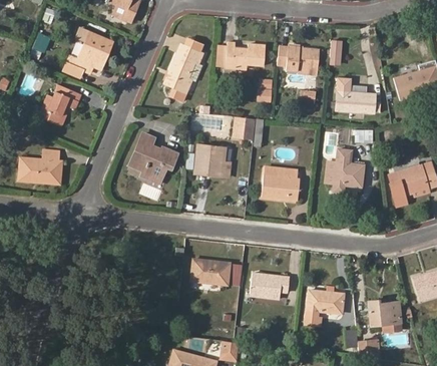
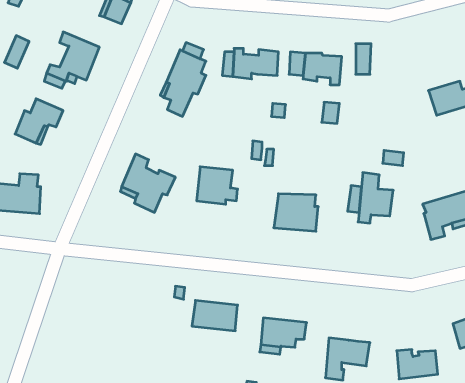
building: [336,80,376,111] -> none

